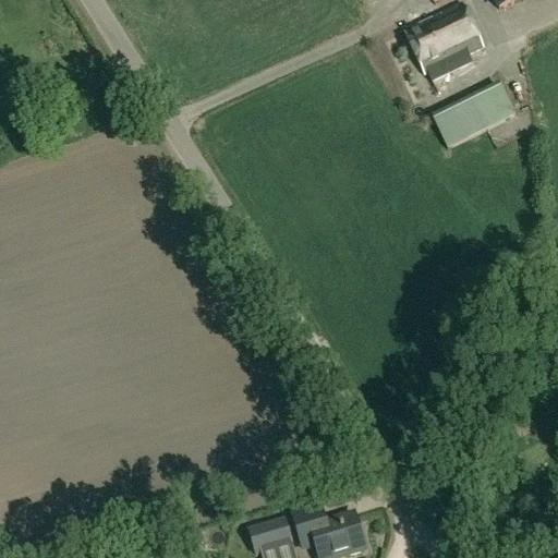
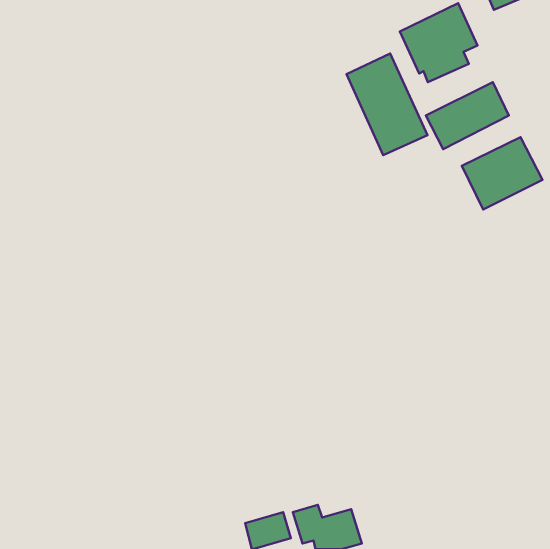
building: none -> [347,54,428,155]
building: none -> [462,137,542,209]

